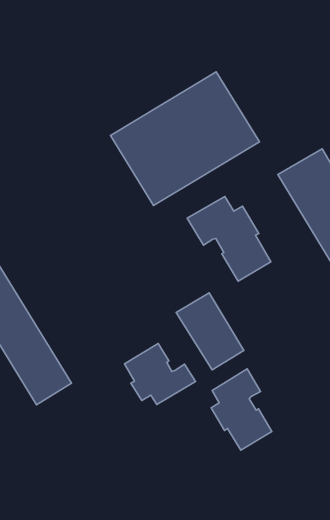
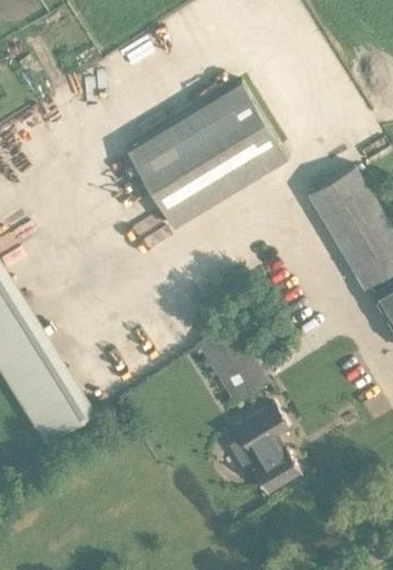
building: [187,197,271,281] -> none
building: [125,343,195,405] -> none

